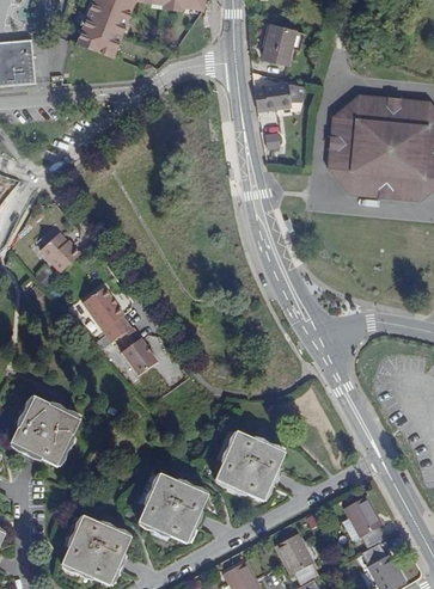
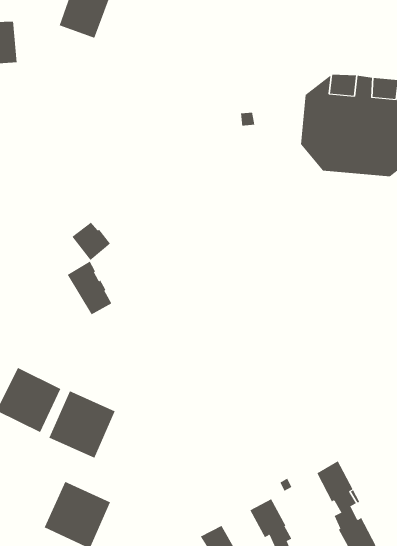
building: [263,24,295,62] -> none
building: [253,82,304,110] -> none
building: [41,233,81,274] -> [72,222,111,261]
building: [120,330,155,379] -> none
building: [215,431,283,499] -> none
building: [137,473,207,544] -> [49,390,116,458]

